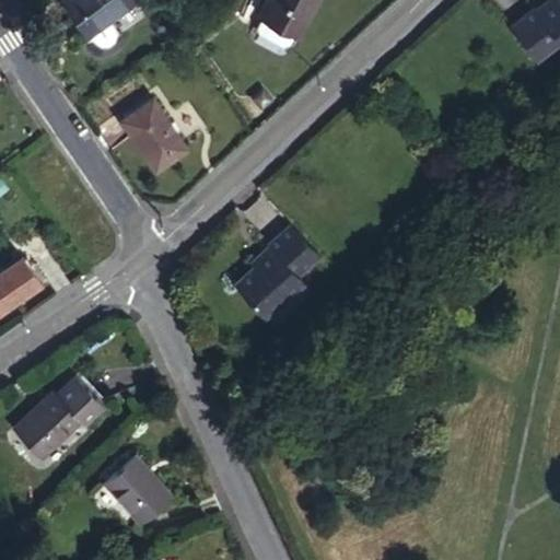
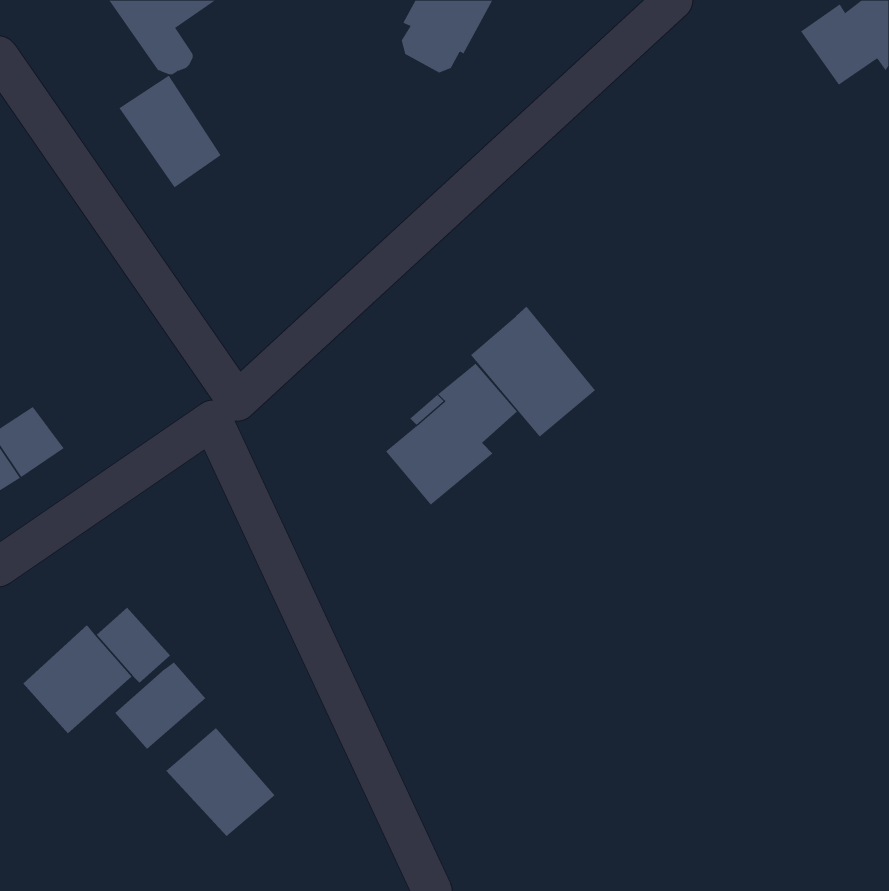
building: [122,100,187,171] -> [119,75,221,188]
building: none -> [470,306,596,438]
building: none -> [115,661,206,750]

